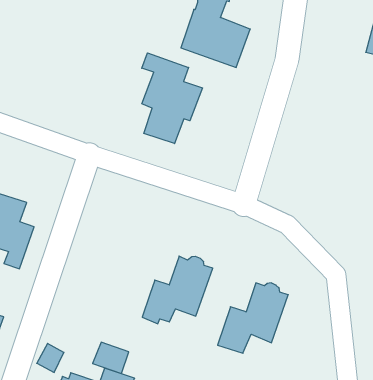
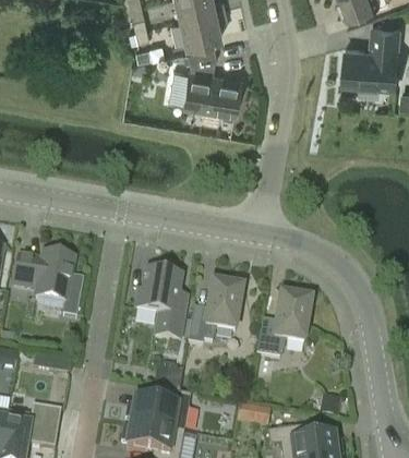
building: [142,53,203,144] -> none
building: none -> [135,270,184,339]

